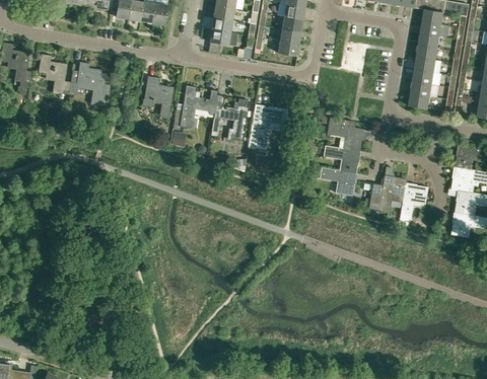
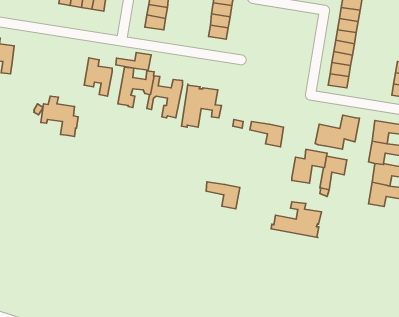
building: [70,62,111,105] -> [41,96,78,136]
building: none -> [116,53,151,70]
building: [327,117,363,151] -> none
building: none -> [315,115,359,149]
building: [320,166,356,196] -> [206,182,240,209]
building: none -> [271,202,321,237]

